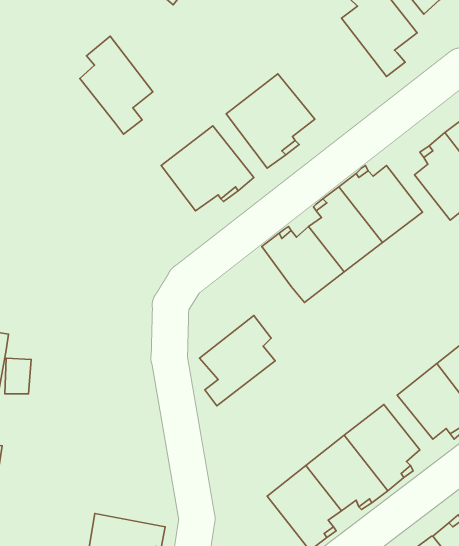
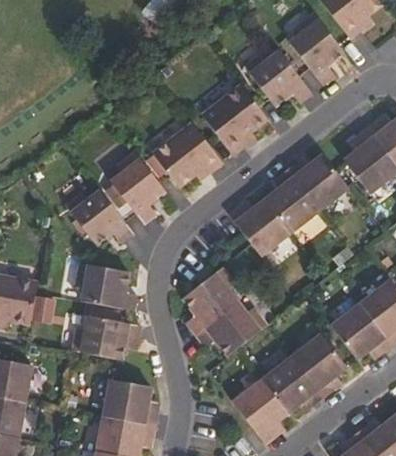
building: none -> [244,50,312,107]
building: [80,36,153,134] -> [110,150,165,224]
building: none -> [64,189,134,246]
building: none -> [75,263,137,310]
building: none -> [194,300,267,356]
building: none -> [72,315,141,360]
building: none -> [102,379,158,425]

